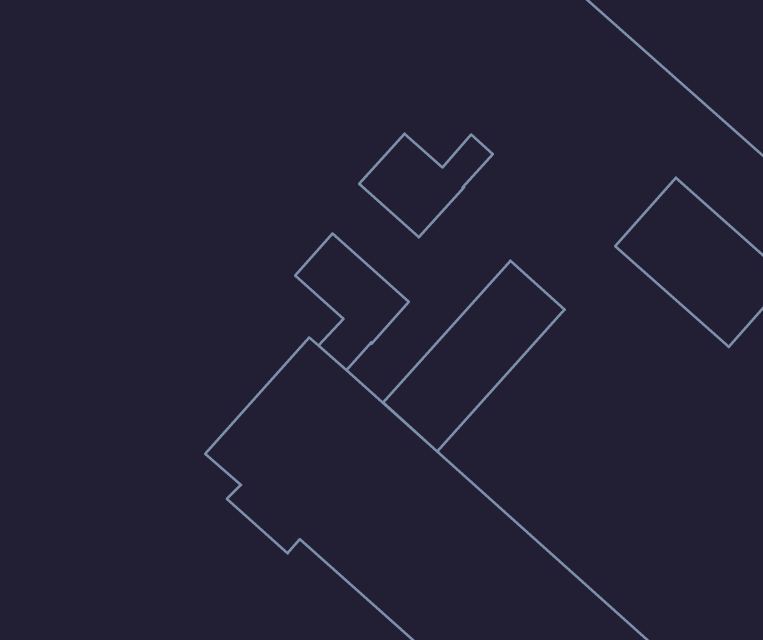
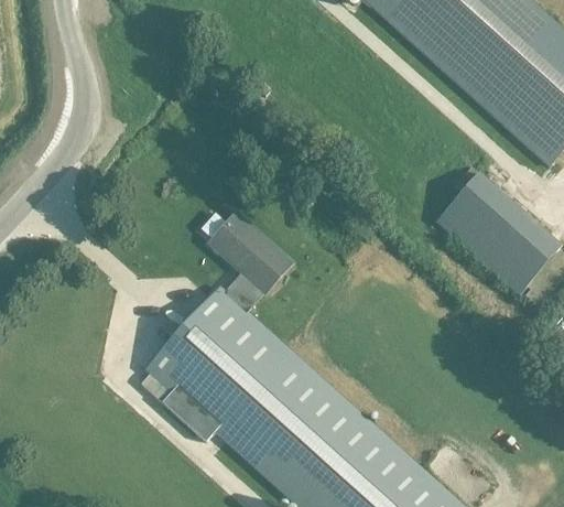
building: [359,134,493,237] -> none
building: [383,261,565,451] -> none

